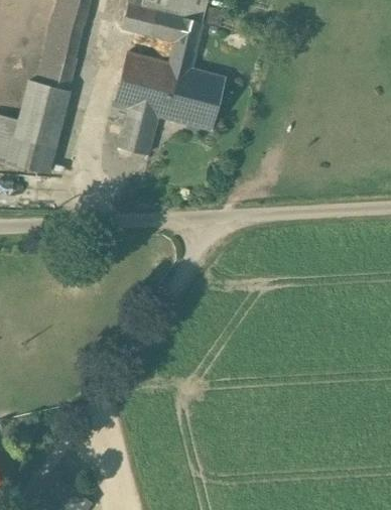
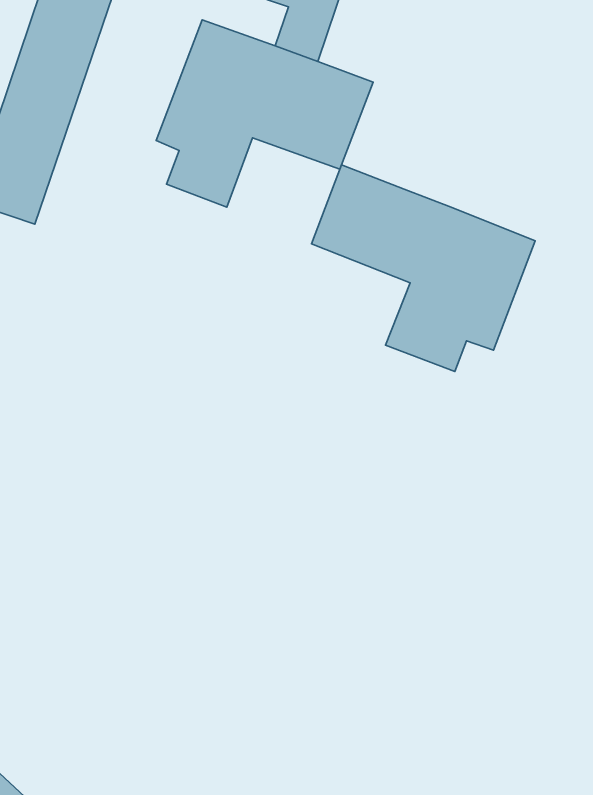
building: none -> [312,165,535,371]

